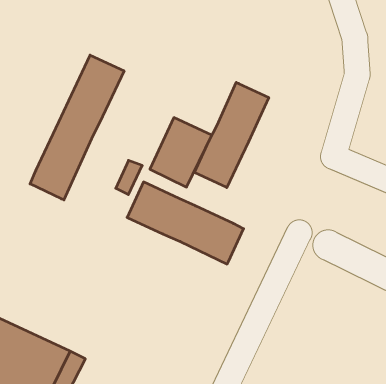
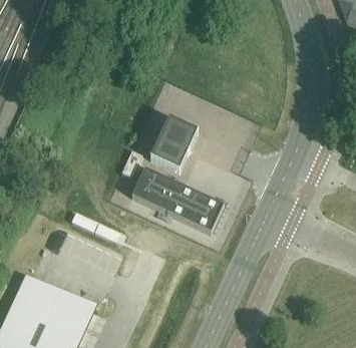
building: [30,55,124,200] -> none
building: [194,82,269,188] -> none

